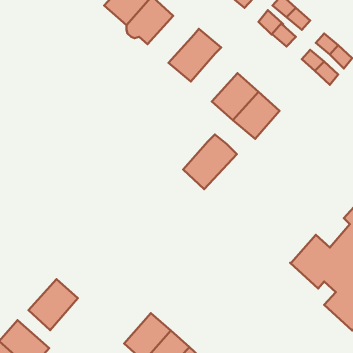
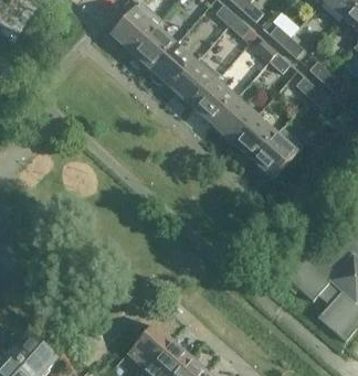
building: none -> [150,44,194,88]
building: none -> [191,79,235,125]
building: [183,134,237,189] -> [252,127,303,179]
building: [29,279,78,330] -> none

